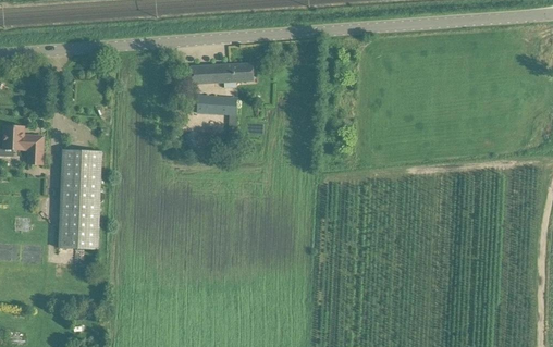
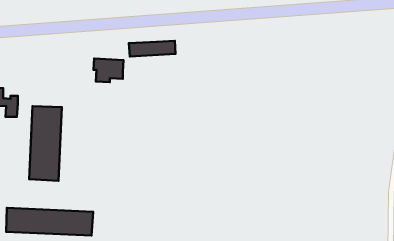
building: [196,95,236,126] -> [93,58,124,82]
building: none -> [6,208,93,236]

